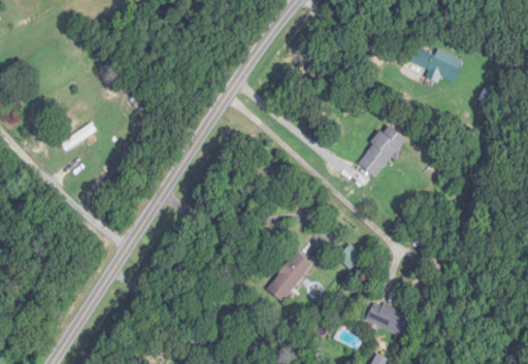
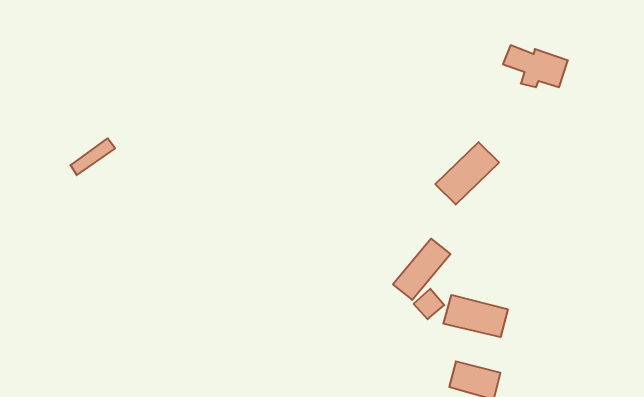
building: none -> [443,295,508,337]
building: [265,252,311,301] -> [393,239,450,300]

